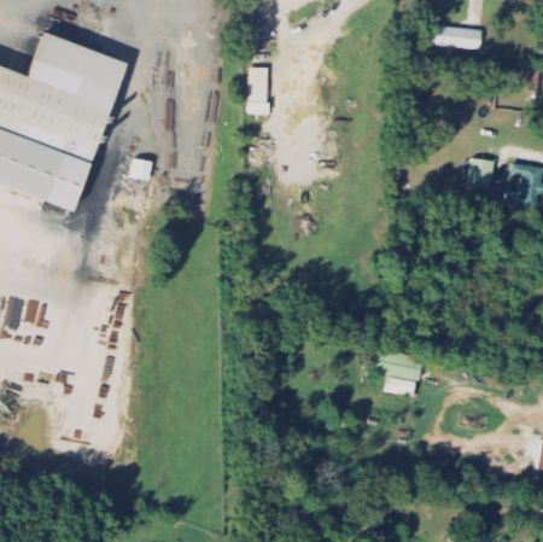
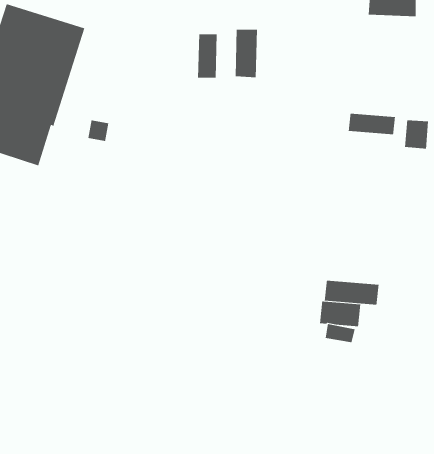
building: none -> [235,29,258,78]
building: none -> [348,113,395,135]
building: none -> [324,280,379,306]

